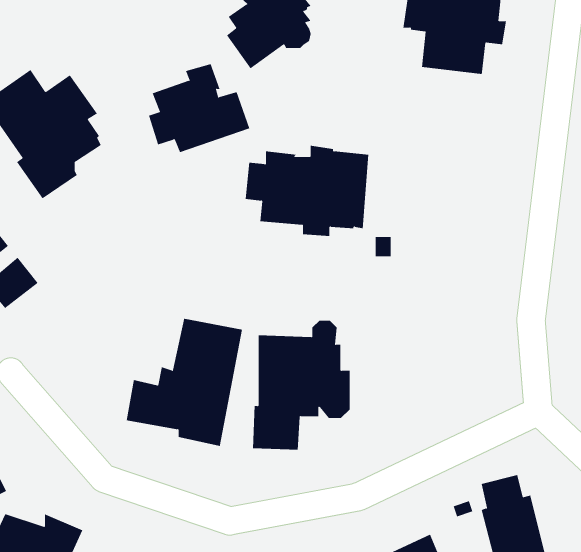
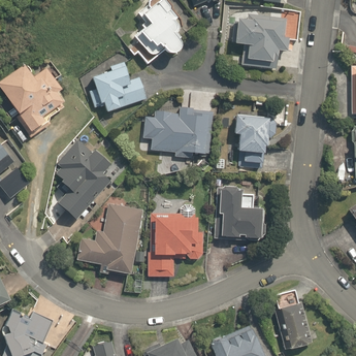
building: none -> [235,114,277,168]
building: none -> [56,139,110,216]
building: none -> [216,186,265,240]

